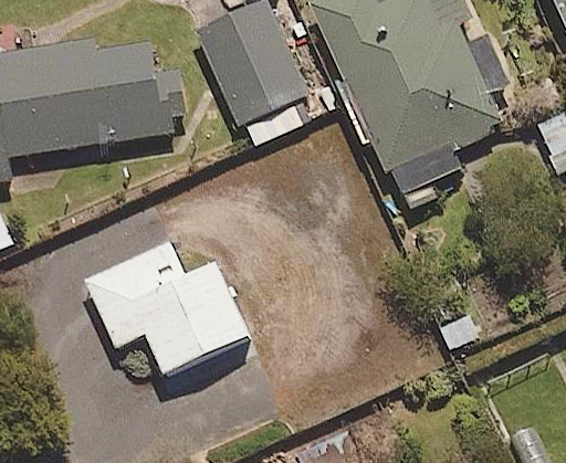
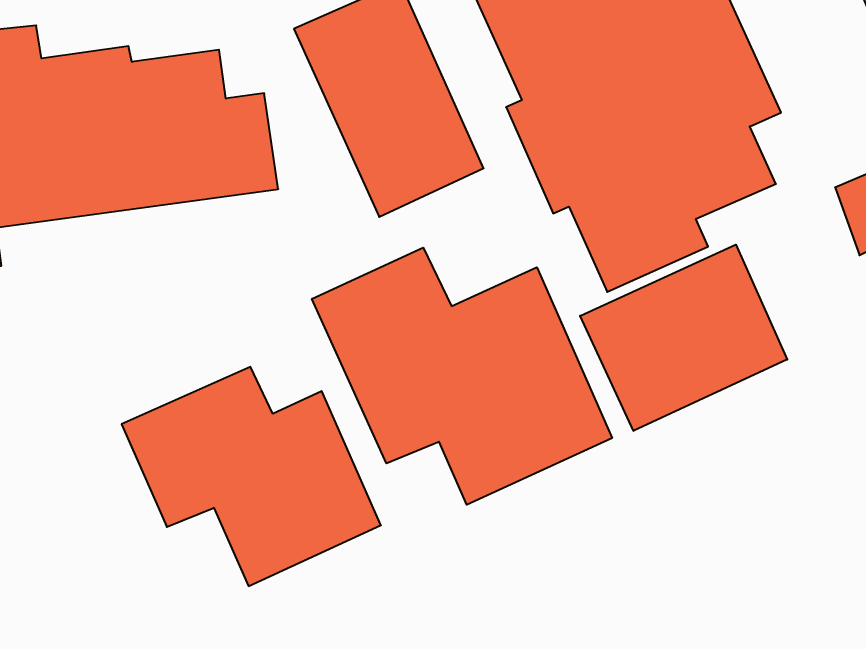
building: none -> [580,245,787,431]
building: none -> [312,248,612,505]

